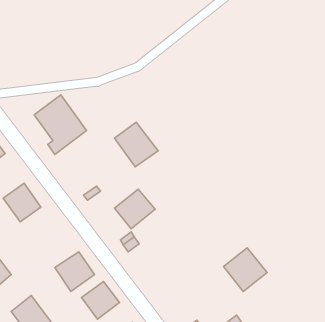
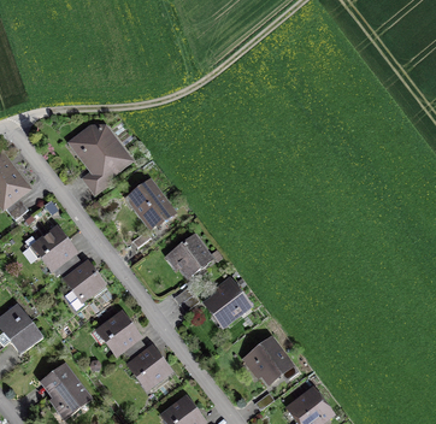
building: [114,122,158,167] -> [124,177,177,231]
building: none -> [67,266,105,302]
building: none -> [201,277,254,329]
building: [223,248,267,291] -> [243,335,296,388]

